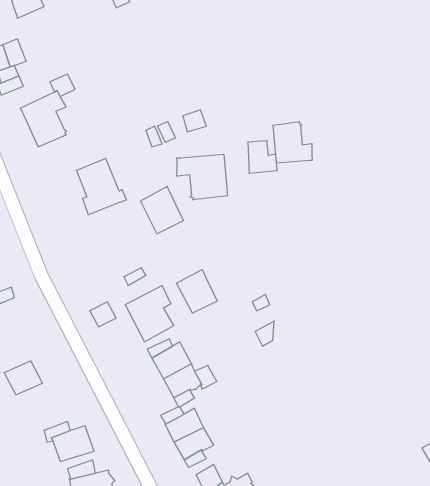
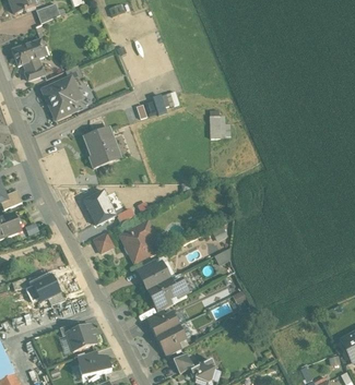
building: [273,122,312,163] -> none
building: [177,154,228,200] -> none
building: [141,186,183,234] -> [84,189,116,224]
building: [176,270,217,313] -> none

